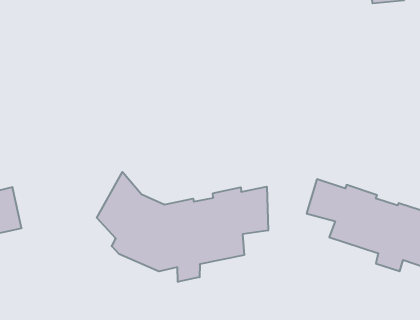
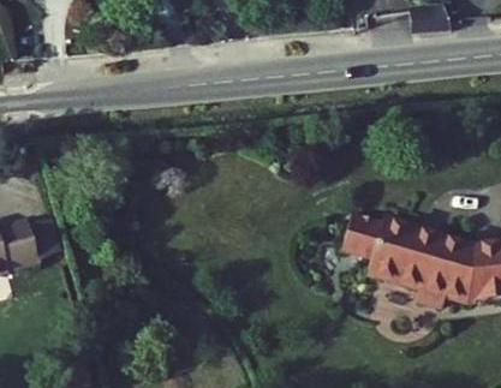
building: [97,172,268,282] -> none

